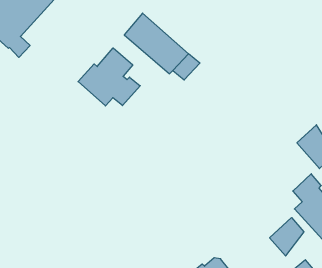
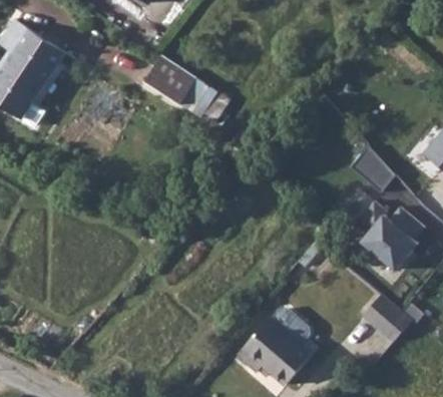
building: [78,48,140,106] -> none
building: [270,218,304,256] -> none

